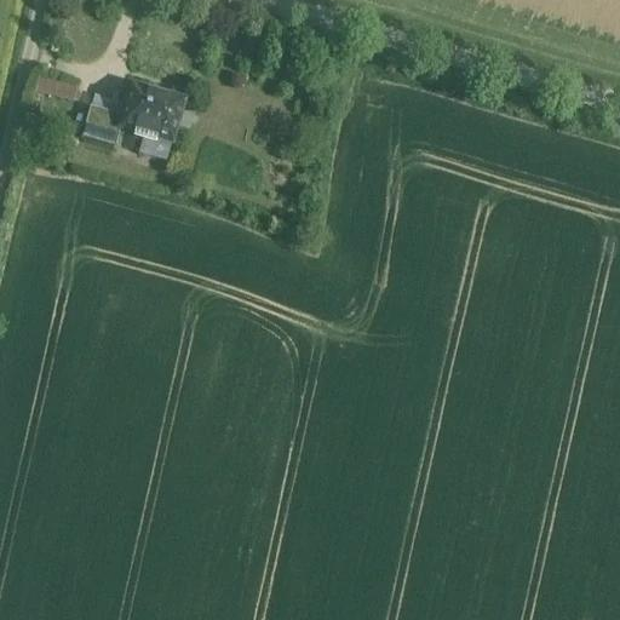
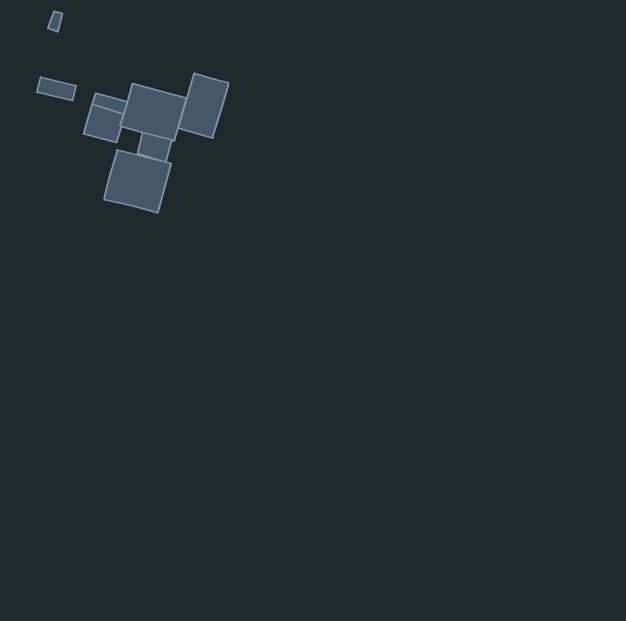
building: none -> [178,73,228,138]
building: none -> [104,150,171,213]

